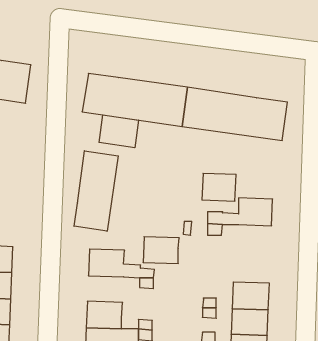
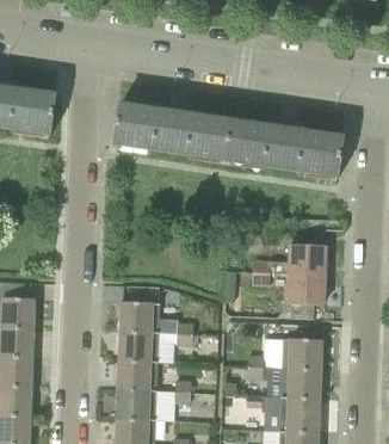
building: [99,115,139,148] -> none
building: [74,151,118,231] -> none
building: [202,173,236,201] -> [286,272,325,303]
building: [143,237,179,263] -> [118,329,159,359]

